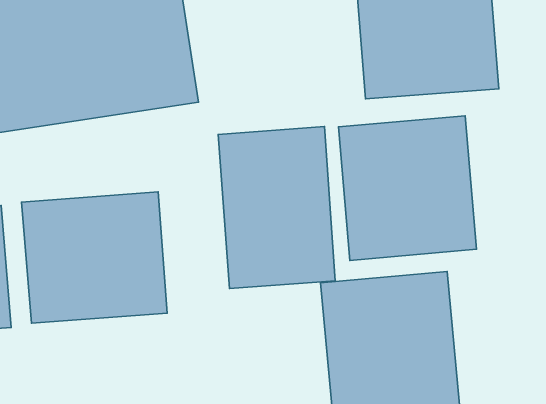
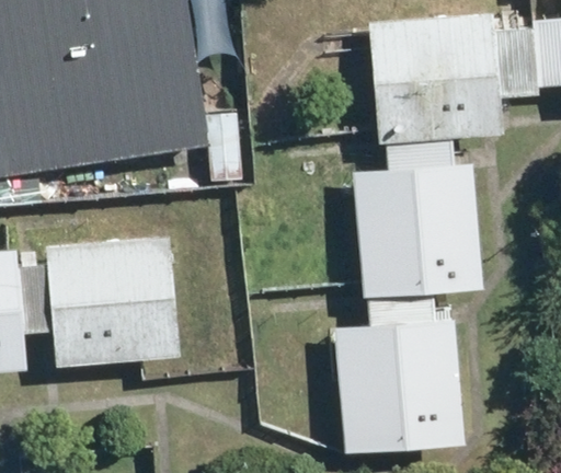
building: [218,127,335,289] -> none

